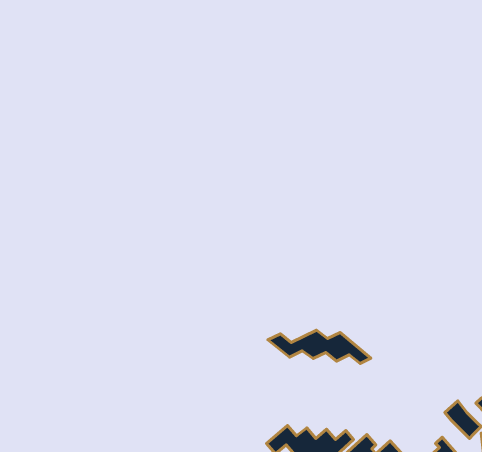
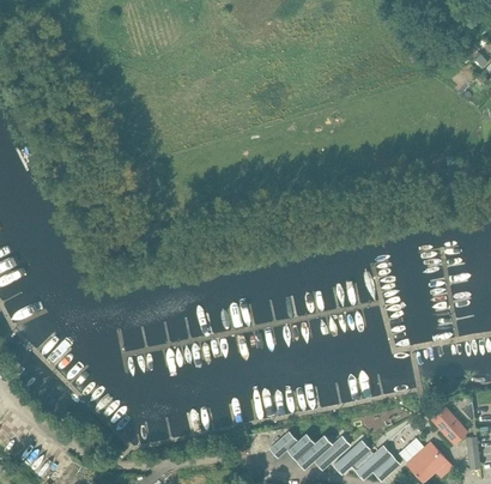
building: [268,330,371,363] -> none

